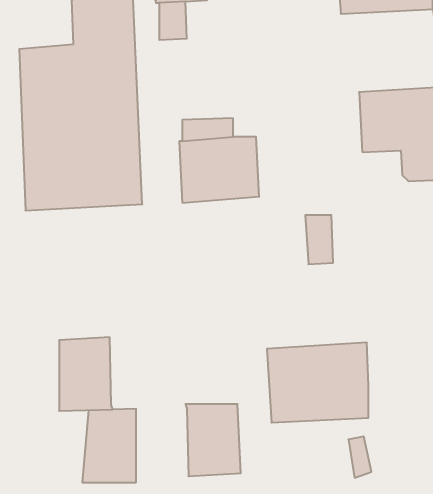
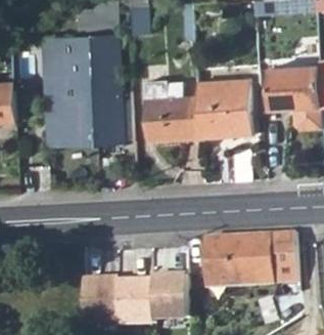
building: none -> [196,79,250,136]
building: [59,337,113,411] -> [118,278,153,327]
building: none -> [271,233,295,280]

